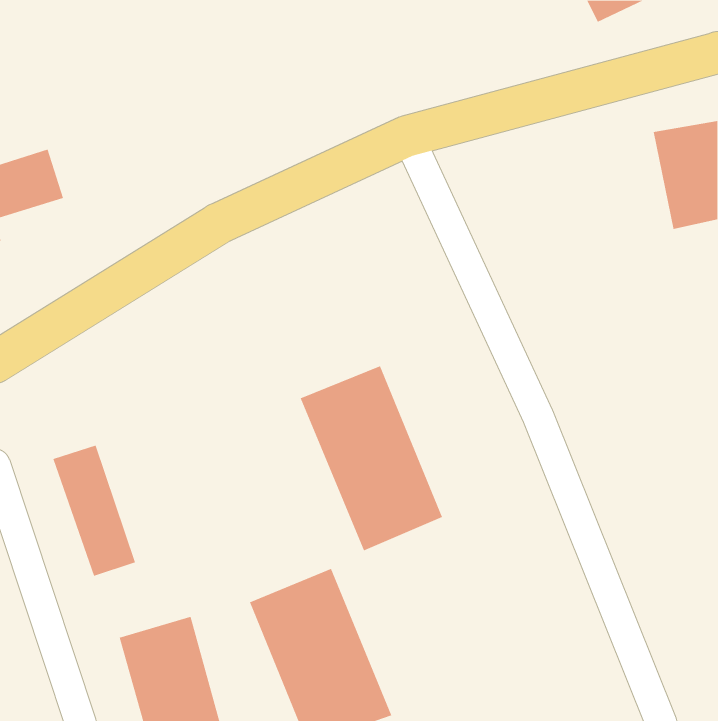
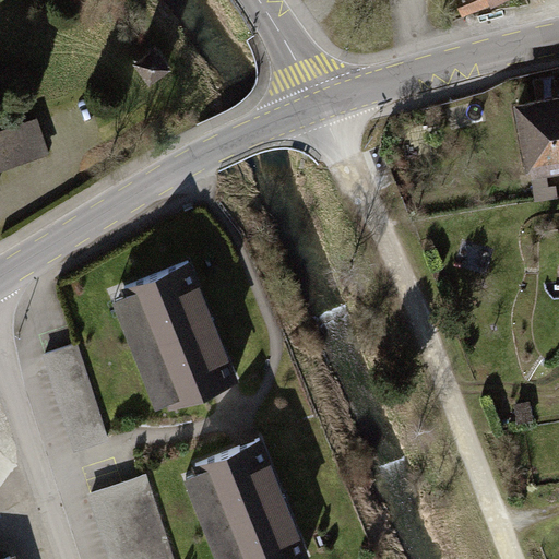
building: [300,366,443,551] -> [121,263,231,406]

